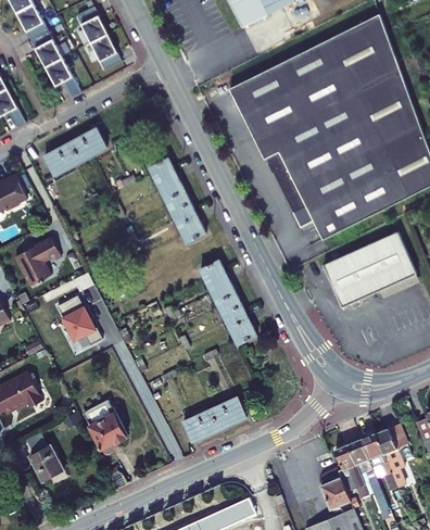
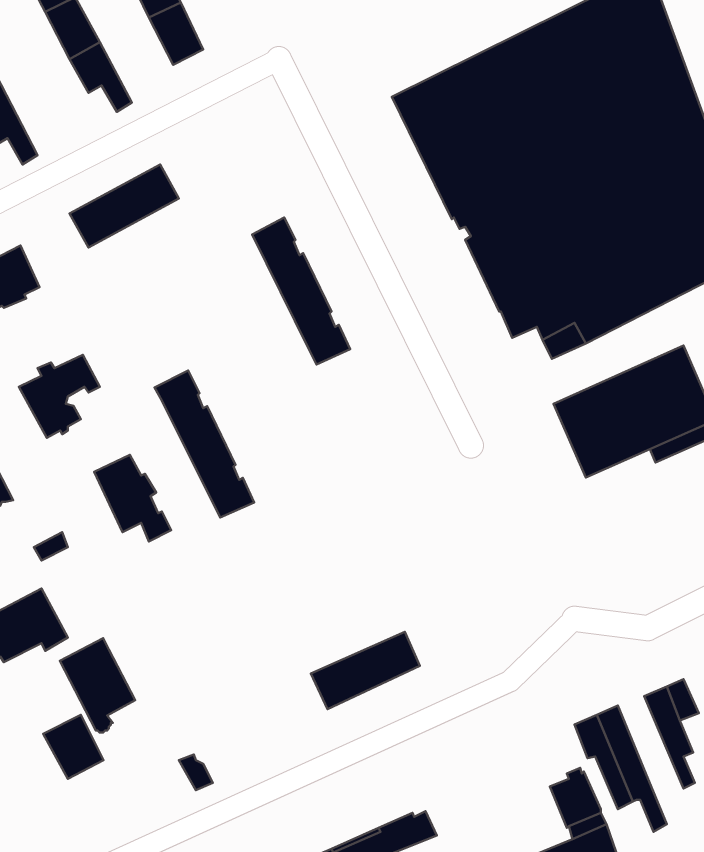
building: [199,260,256,344] -> [154,370,254,517]
building: [83,400,126,454] -> [60,638,135,732]
building: [359,433,397,490] -> none

